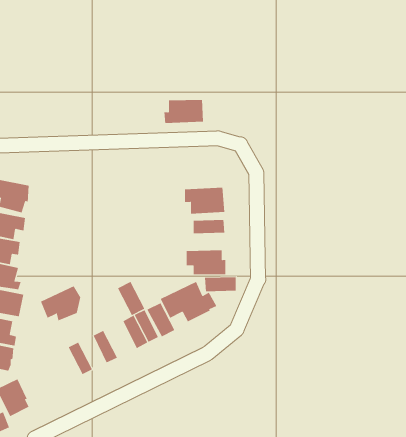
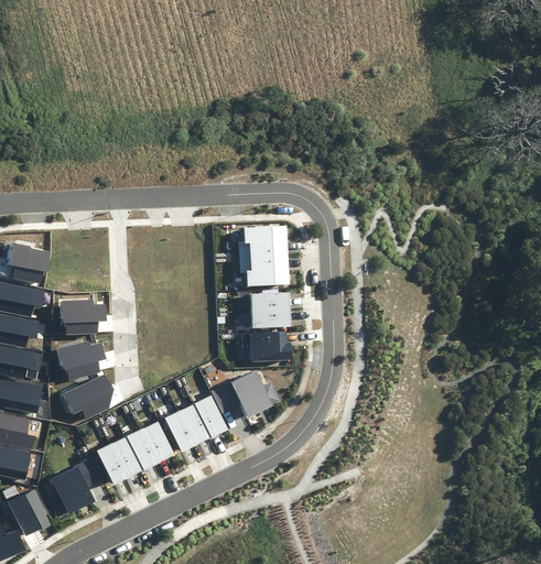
building: [164,99,204,124] -> [238,225,288,254]
building: none -> [59,299,105,335]
building: none -> [57,339,105,378]
building: [204,277,236,292] -> [250,308,290,327]
building: [117,281,145,316] -> [140,420,174,463]
building: none -> [109,435,141,477]
building: none -> [48,457,100,516]

